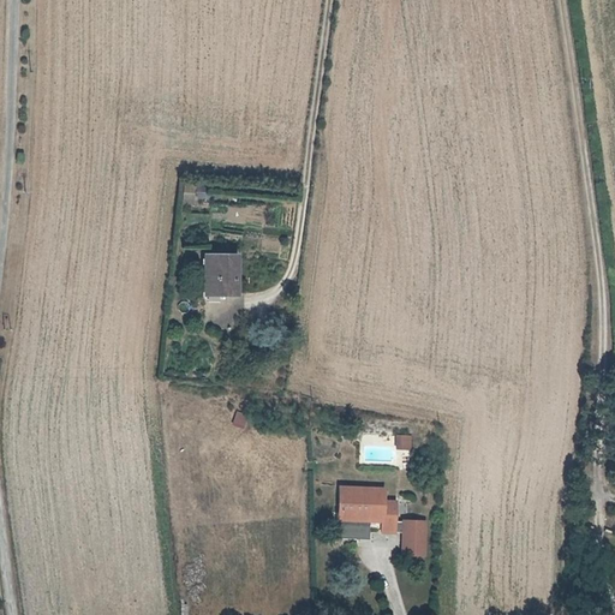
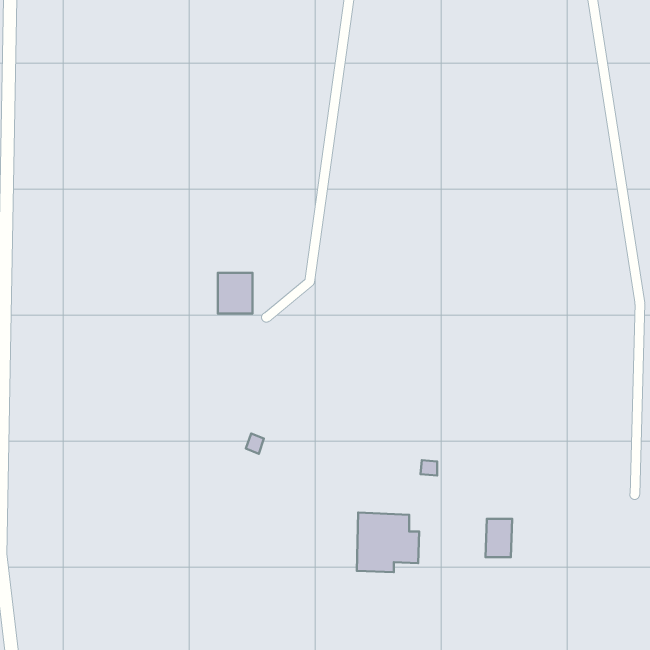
building: [402,520,428,556] -> [485,519,512,557]

